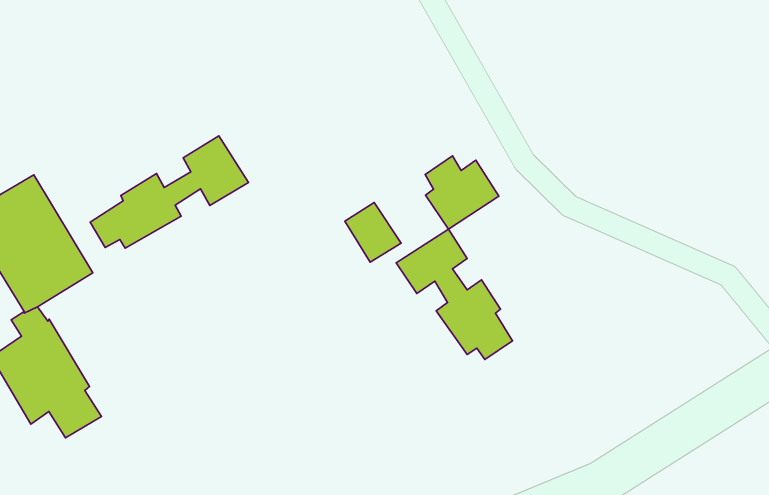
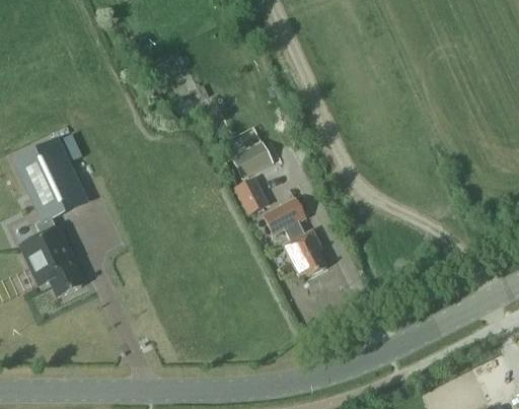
building: [90,136,248,248] -> none
building: [425,156,499,229] -> [231,134,274,177]

